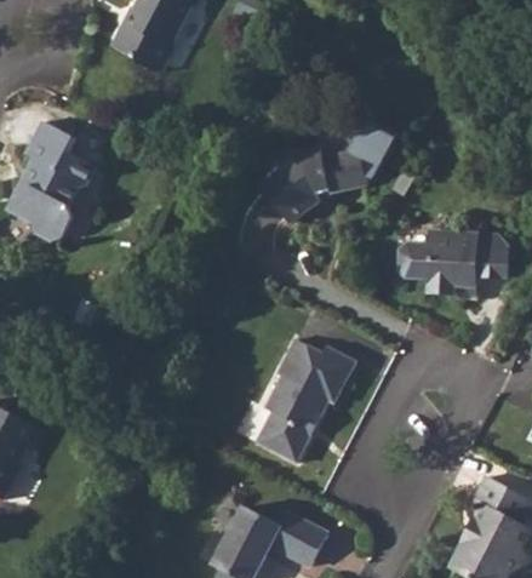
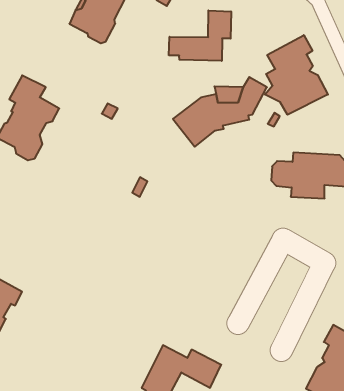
building: none -> [169,10,231,61]
building: none -> [265,35,328,115]
building: [257,338,355,463] -> none

